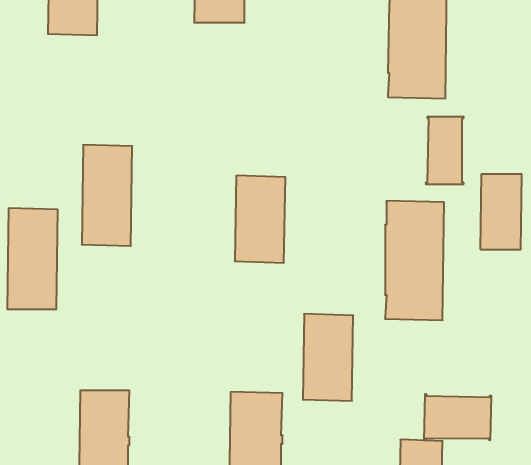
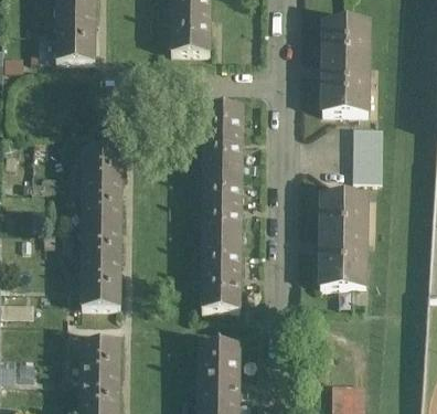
building: none -> [203,105,243,173]
building: [481,174,521,250] -> none
building: [7,208,58,309] -> [81,226,120,306]
building: [303,314,353,401] -> [201,240,241,308]
building: [424,394,491,440] -> none

